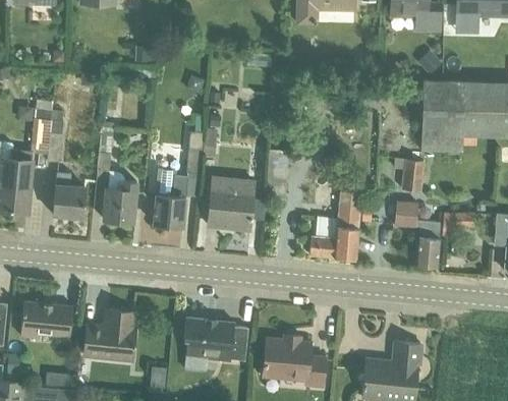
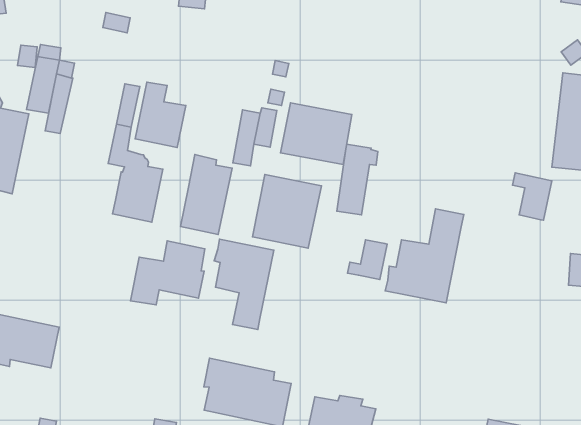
building: none -> [281,103,352,165]
building: [52,172,87,218] -> [135,82,186,148]
building: [398,203,440,267] -> none
building: none -> [348,240,387,280]
building: none -> [214,239,274,330]
building: [83,311,135,359] -> [130,241,205,305]

